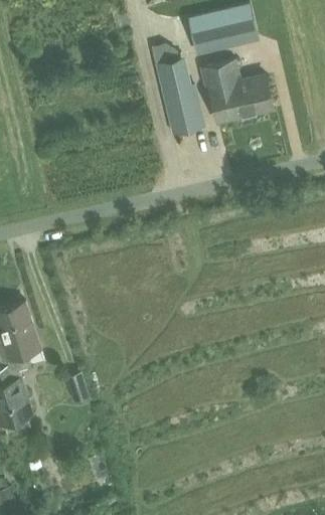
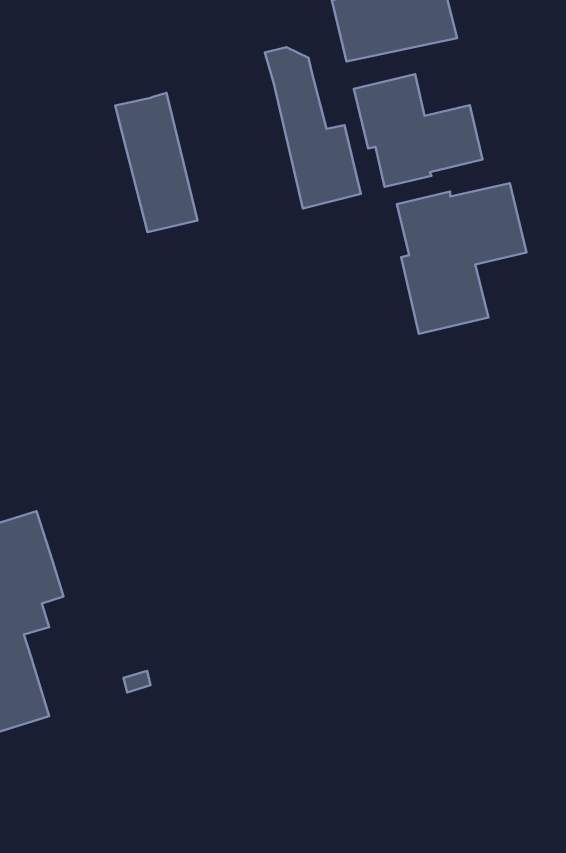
building: none -> [115,93,197,232]
building: none -> [397,183,526,334]

